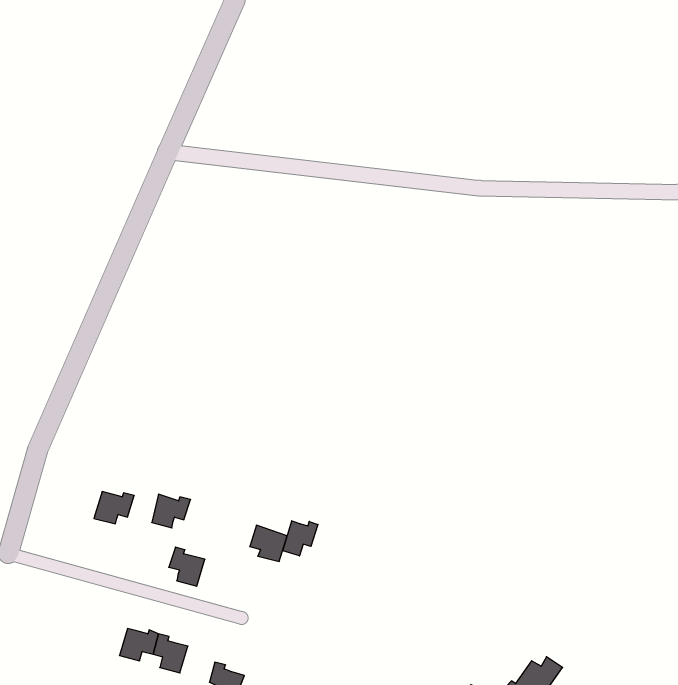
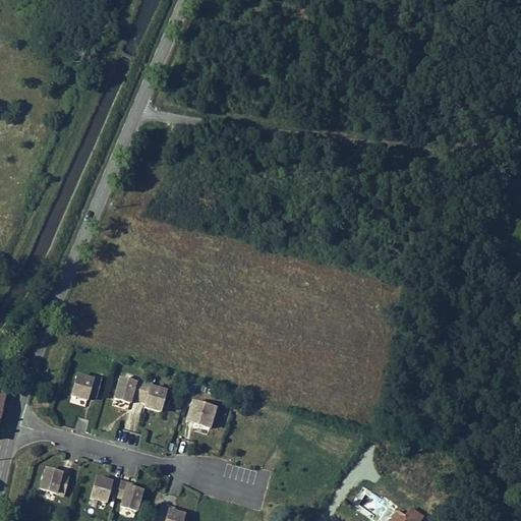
building: [283,521,318,556] -> none
building: [169,547,205,586] -> [139,380,167,409]
building: none -> [41,469,69,498]

